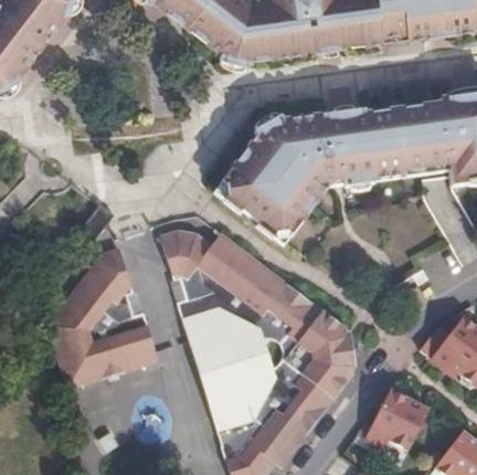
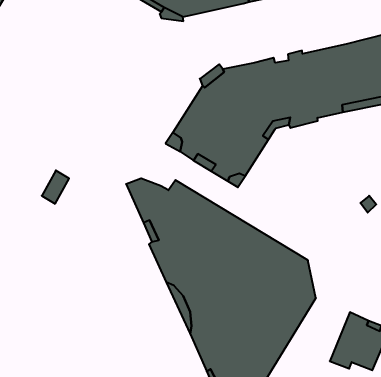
building: [46,244,160,388] -> none

